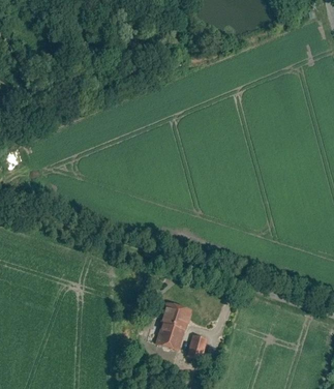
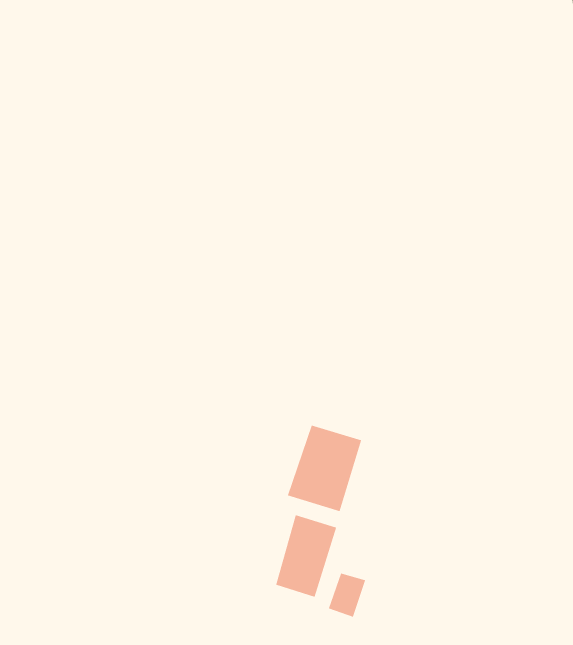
building: none -> [287,424,362,512]

